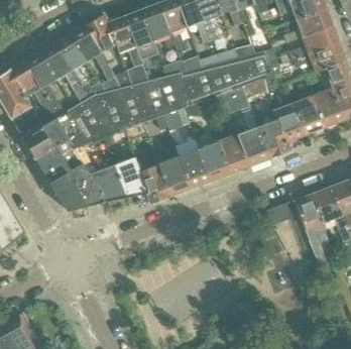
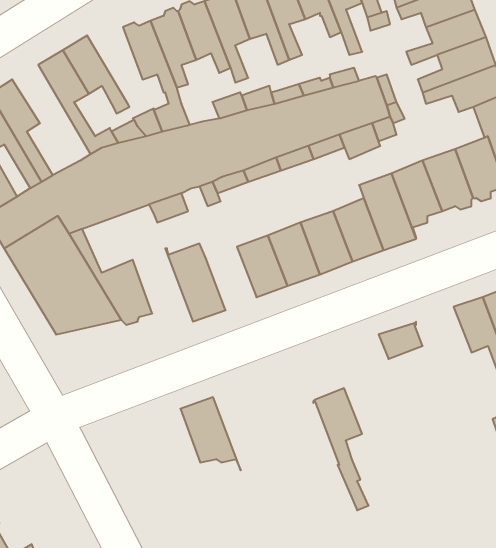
building: [86,13,120,67] -> none
building: [39,42,88,102] -> none
building: [159,155,191,195] -> none
building: [114,156,151,202] -> [180,397,241,470]
building: [294,193,328,268] -> [313,388,369,510]

